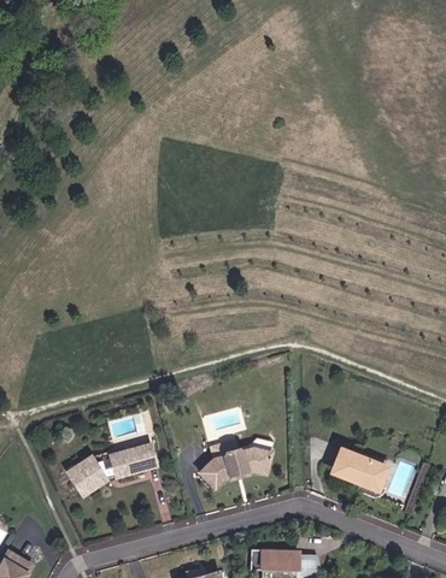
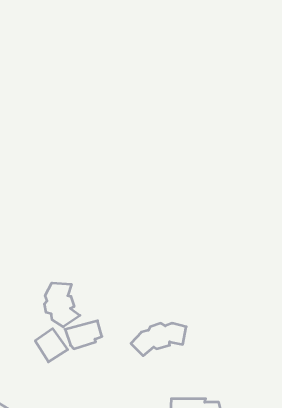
building: none -> [44,283,80,327]
building: [329,444,388,495] -> none

